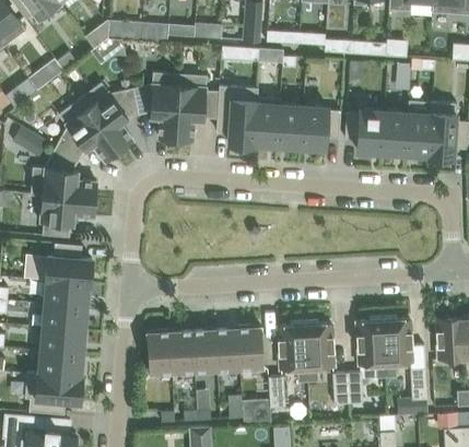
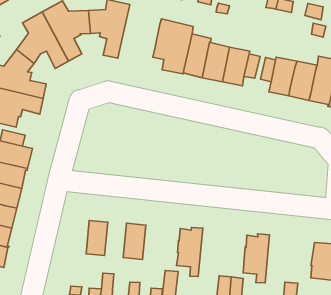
building: [175,75,218,141] -> none
building: [383,317,411,375] -> none
building: [304,321,332,379] -> none
building: [236,327,262,369] -> none
building: [192,330,216,372] -> none
building: [146,331,173,375] -> none

